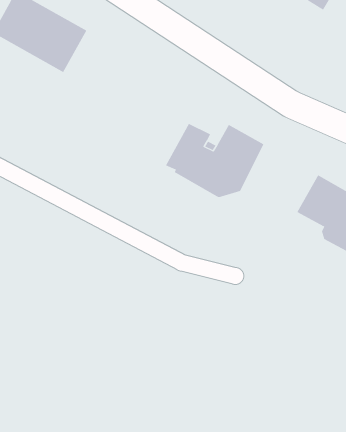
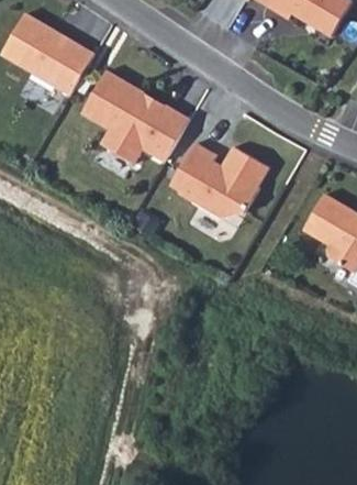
building: none -> [81,70,190,164]

